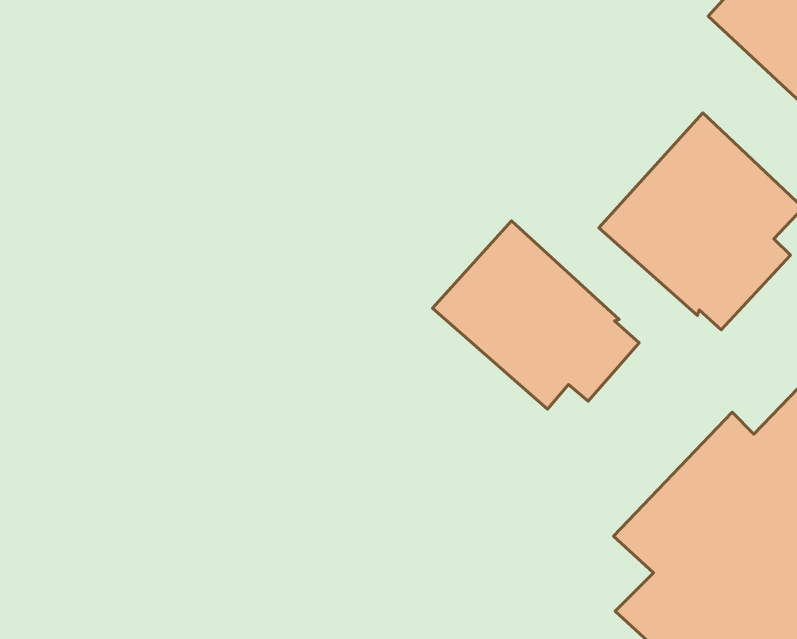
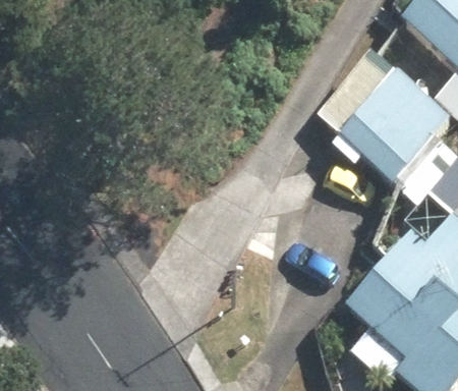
building: [433,221,639,409] -> none

